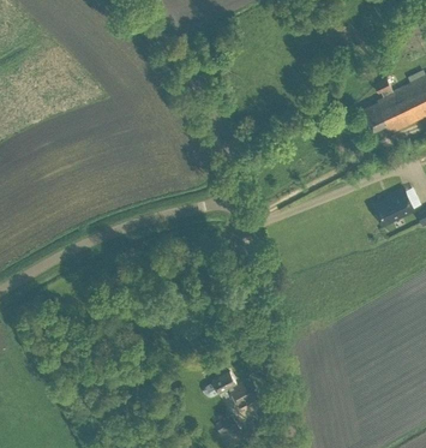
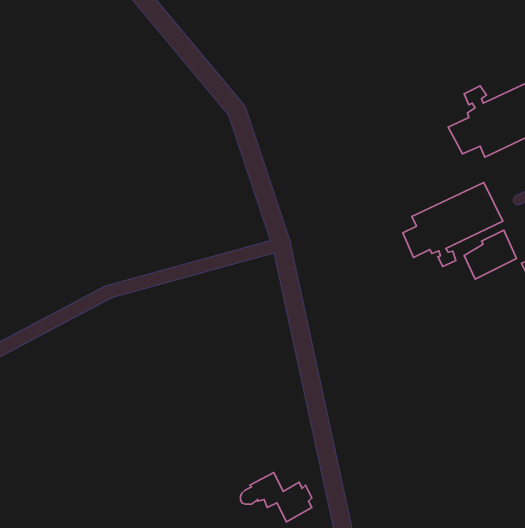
building: none -> [403,182,503,266]

